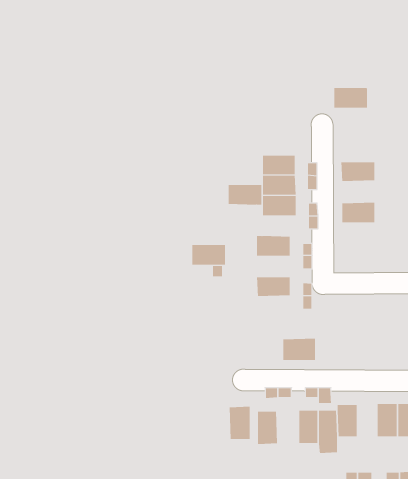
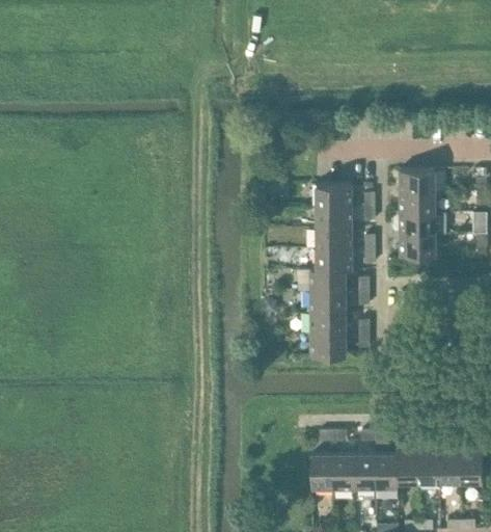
building: [333,88,368,108] -> [400,171,436,193]
building: none -> [401,213,436,237]
building: [228,184,262,205] -> [317,250,353,272]
building: [191,244,226,265] -> [310,293,347,315]
building: [282,338,316,361] -> [311,335,347,358]
building: none -> [417,449,438,484]
building: [229,406,251,439] -> [332,456,355,491]

